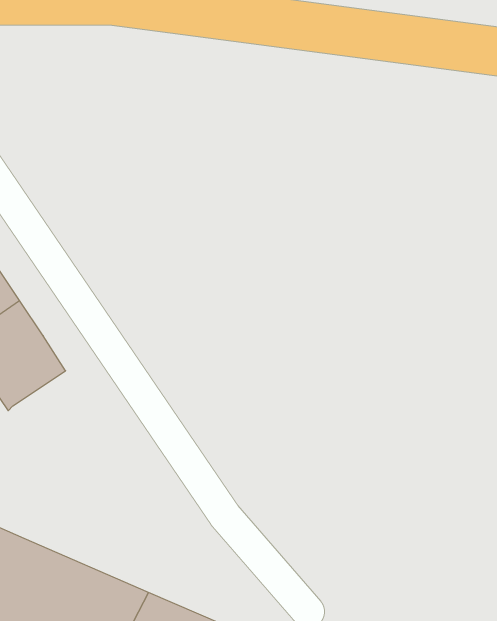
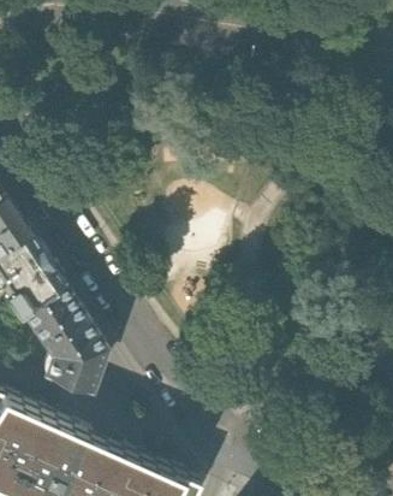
building: none -> [20,281,105,386]

